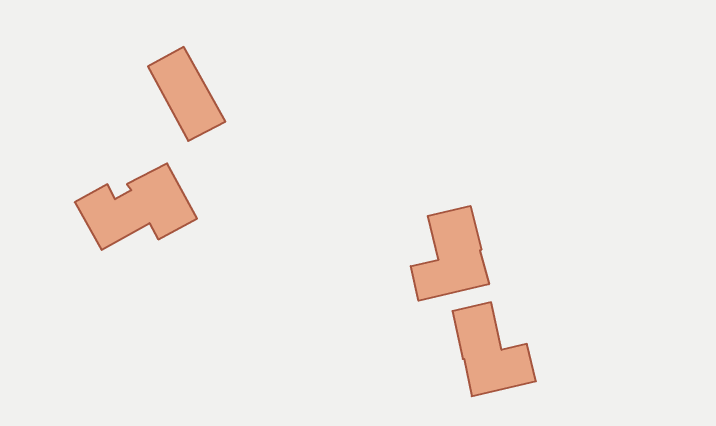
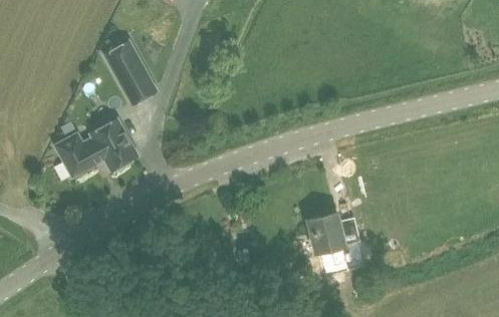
building: [411,206,489,301] -> none

